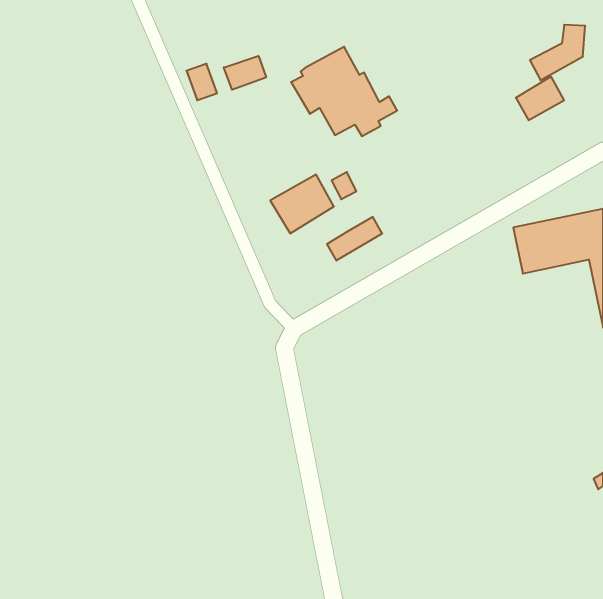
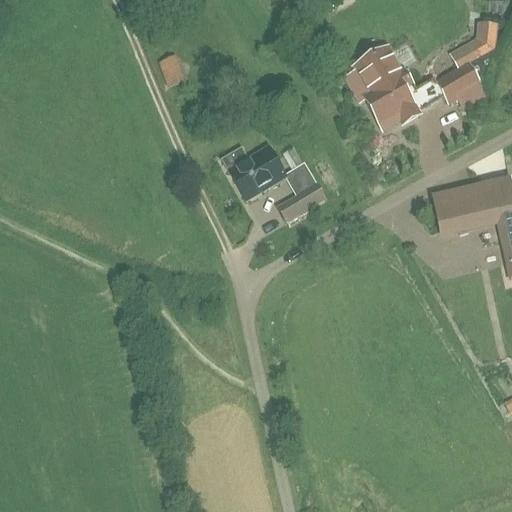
building: [291,47,397,136] -> [342,48,432,124]
building: [224,56,266,90] -> none
building: none -> [283,164,316,196]

